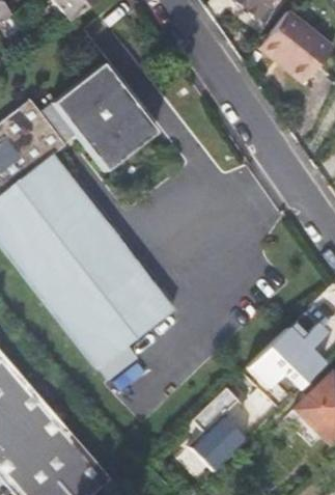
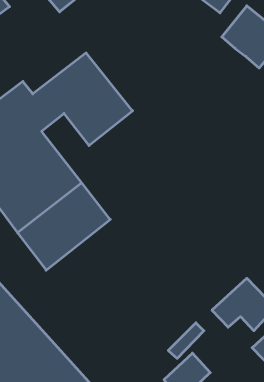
building: [55,259,171,373] -> none

